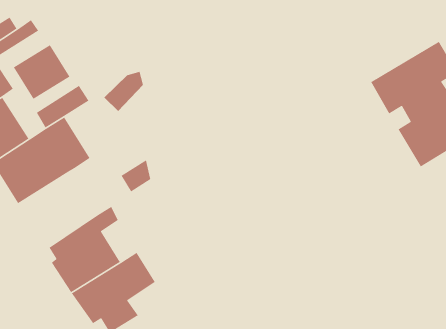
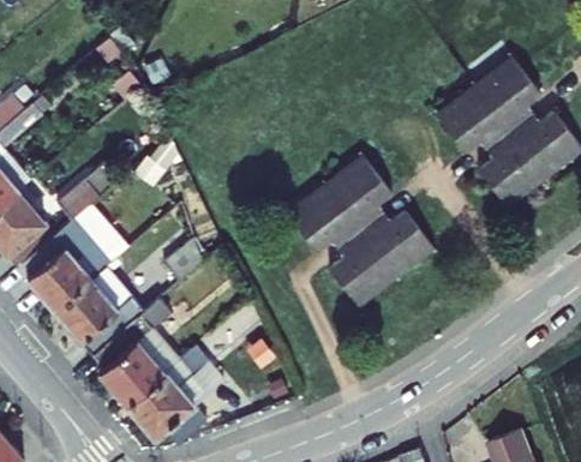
building: [13,44,71,100] -> none
building: none -> [288,157,430,301]
building: none -> [52,265,144,355]

